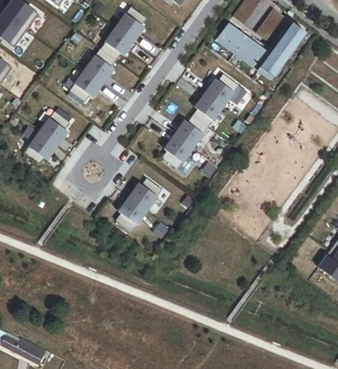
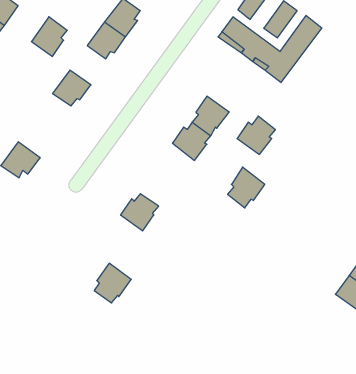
building: [84,48,116,83] -> [31,17,67,56]
building: [205,73,239,107] -> [237,116,275,154]
building: [38,112,70,147] -> none
building: [161,134,194,170] -> [228,167,265,208]
building: [116,197,148,232] -> [94,263,131,303]

